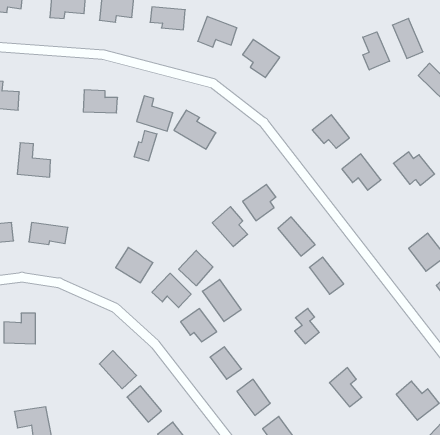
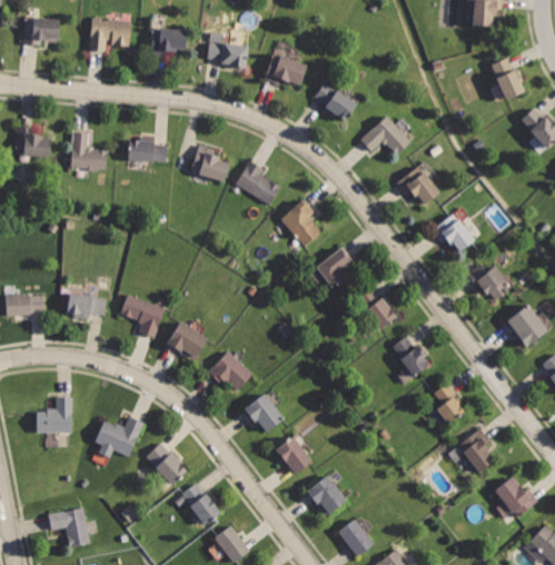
building: [363,32,390,70] -> none
building: none -> [360,115,413,157]
building: [134,131,157,161] -> none
building: [17,143,51,177] -> [71,132,110,172]
building: [393,152,435,185] -> [463,262,511,301]
building: [212,207,248,247] -> [279,199,320,246]
building: none -> [120,294,168,340]
building: [179,250,213,286] -> none
building: [202,279,241,322] -> none
building: [295,308,319,344] -> [434,385,463,426]
building: none -> [95,416,145,458]
building: [329,368,362,407] -> [458,428,496,474]

